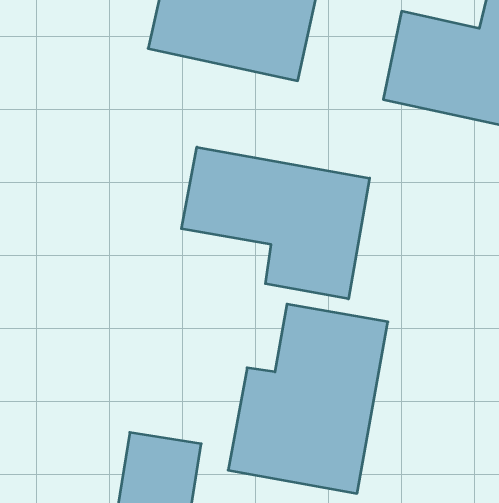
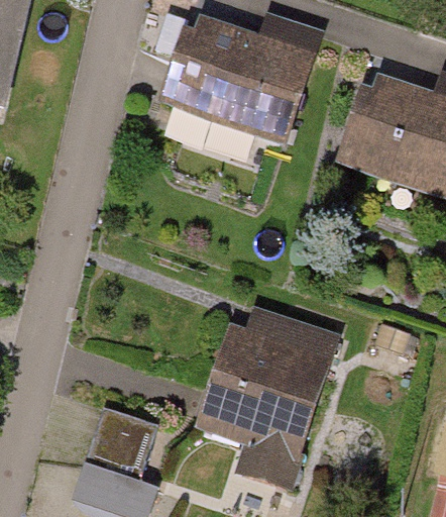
building: [181,147,370,299] -> none

